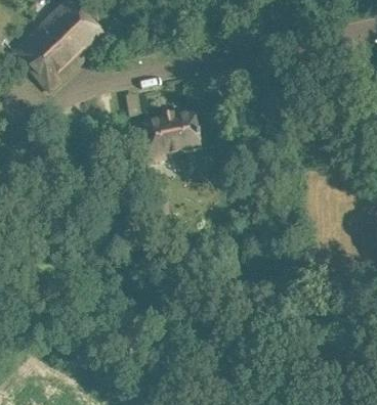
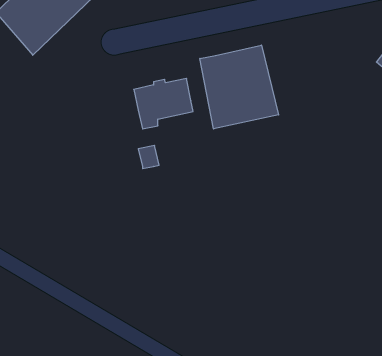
building: none -> [200,45,279,129]

